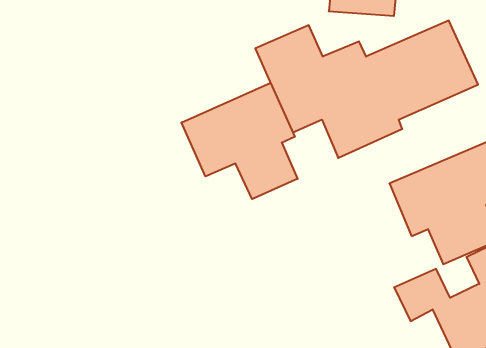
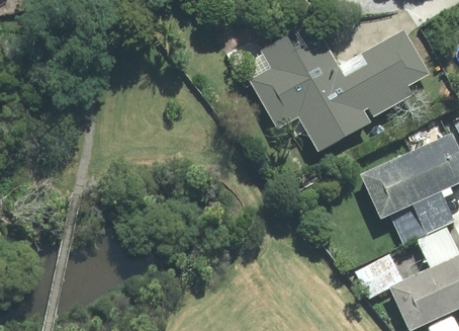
building: [181,83,298,199] -> none

